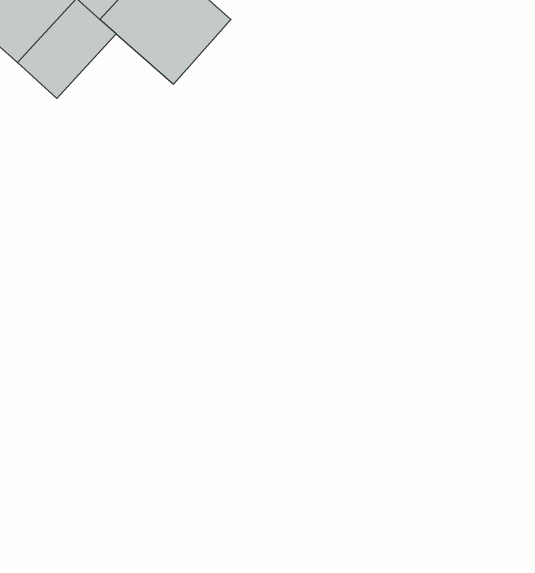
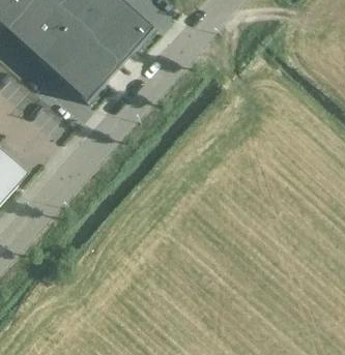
building: none -> [55,34,122,101]

